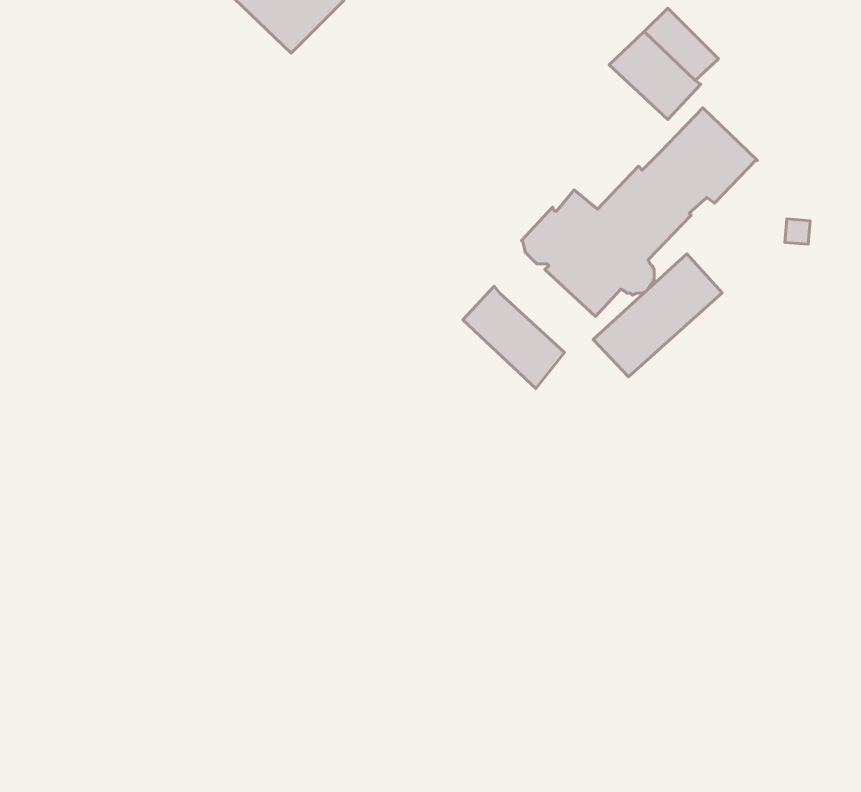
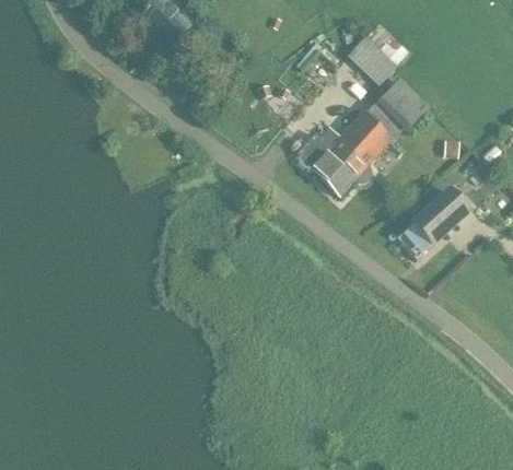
building: [593,254,722,377] -> [397,189,469,258]
building: [463,286,564,389] -> none

